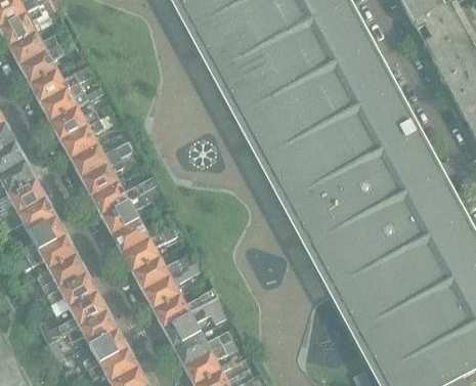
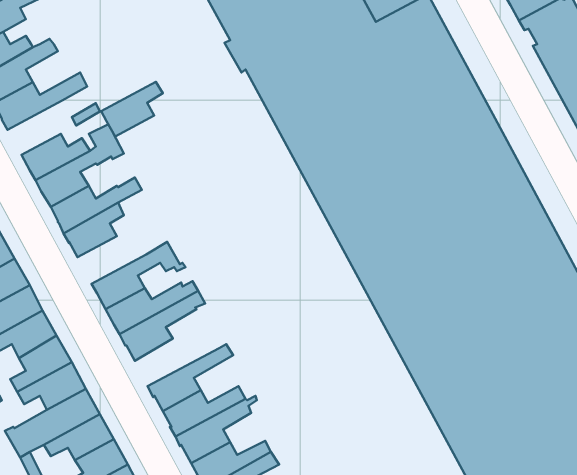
building: [40,81,85,121] -> [101,82,163,136]
building: [91,180,141,215] -> none
building: [133,252,194,290] -> none

